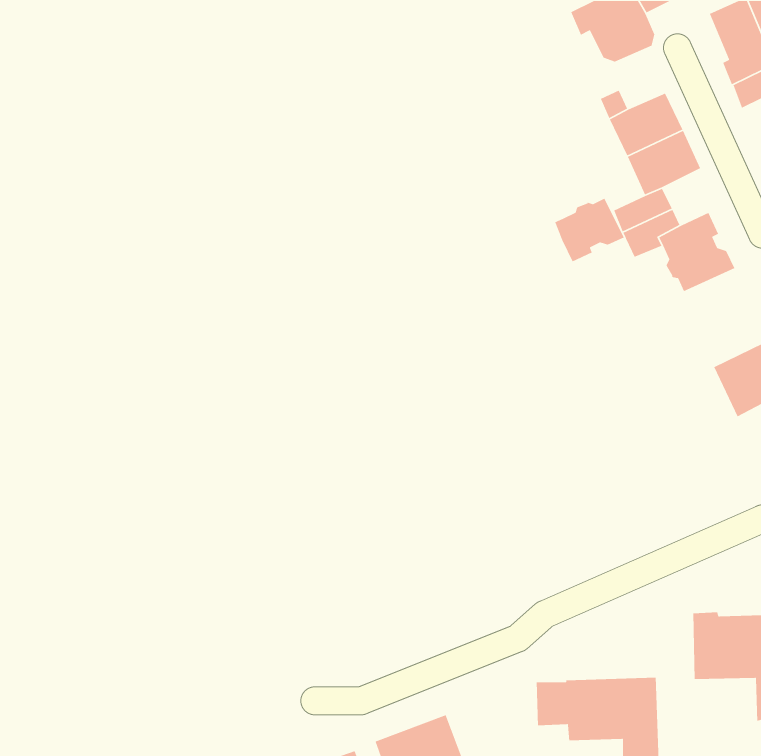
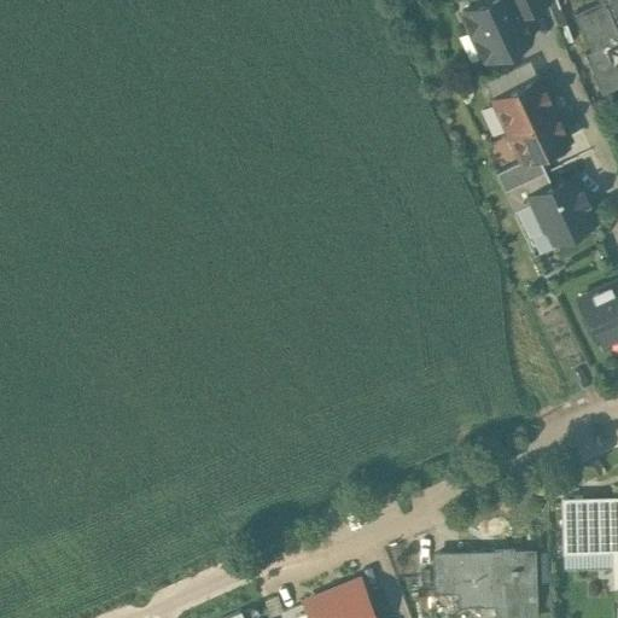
building: [554,197,625,263] -> none

